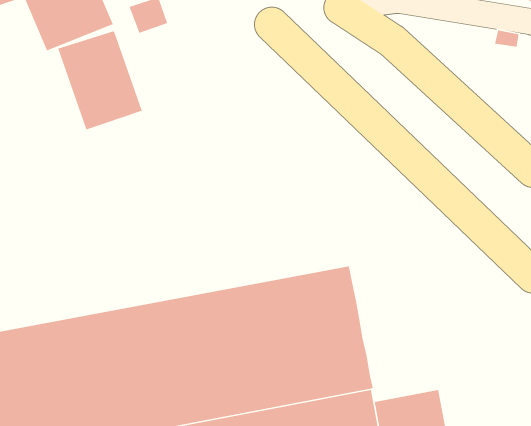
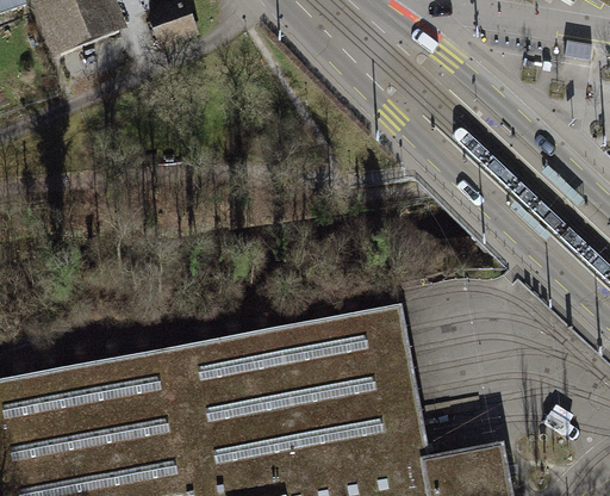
building: [57,30,143,130] -> none

